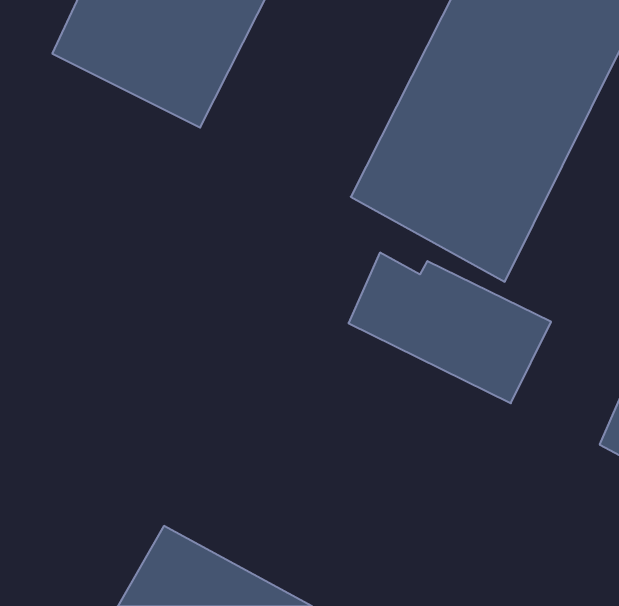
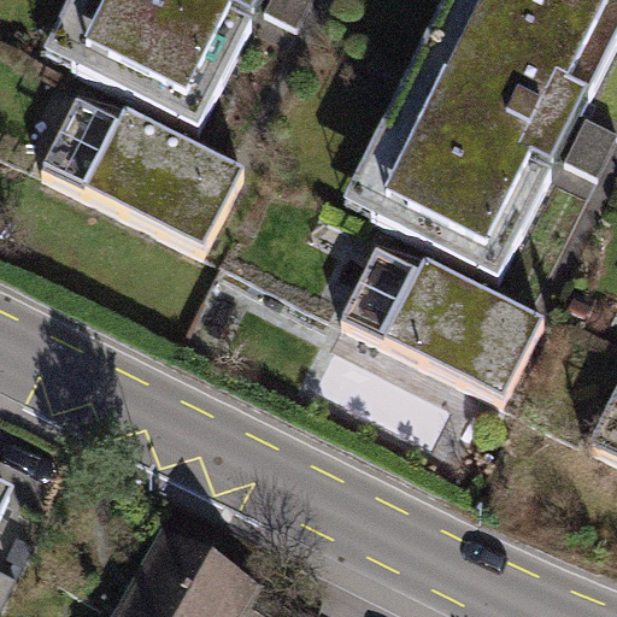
building: none -> [46,101,248,248]

